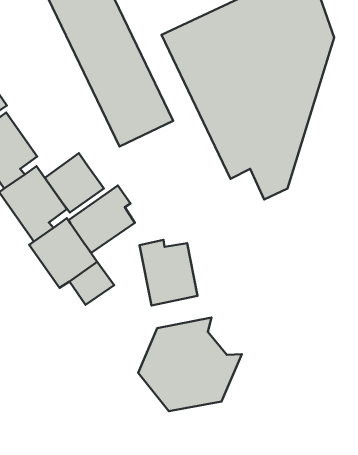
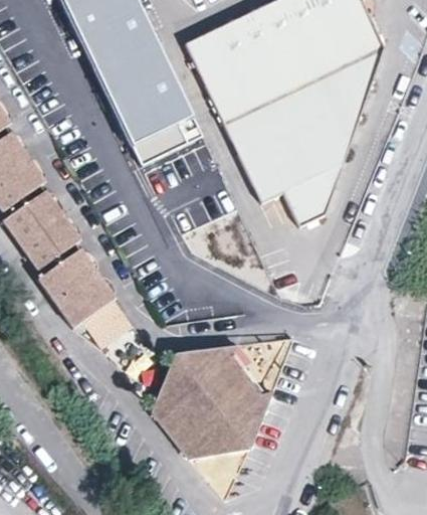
building: [45,153,104,213] -> none
building: [68,185,135,253] -> none
building: [140,240,198,305] -> none

